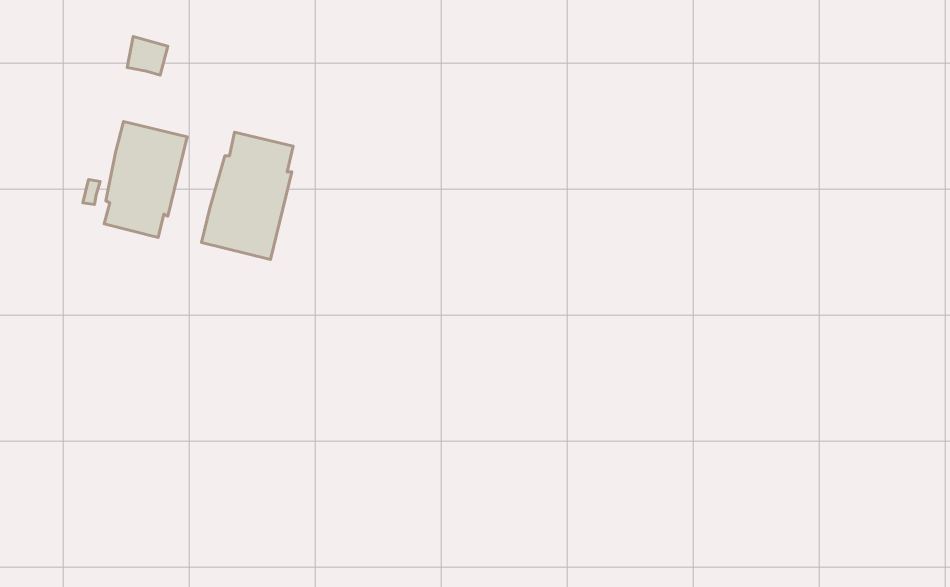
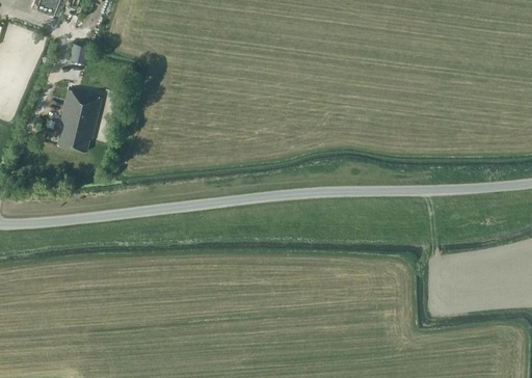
building: [202,132,293,259] -> none

